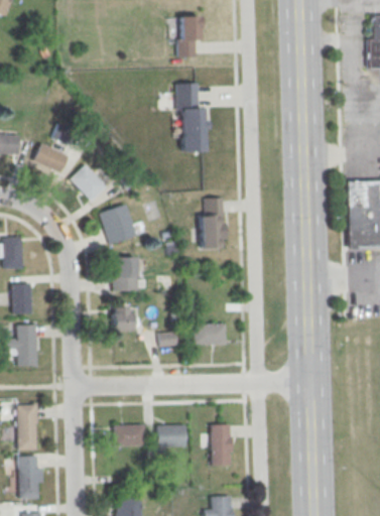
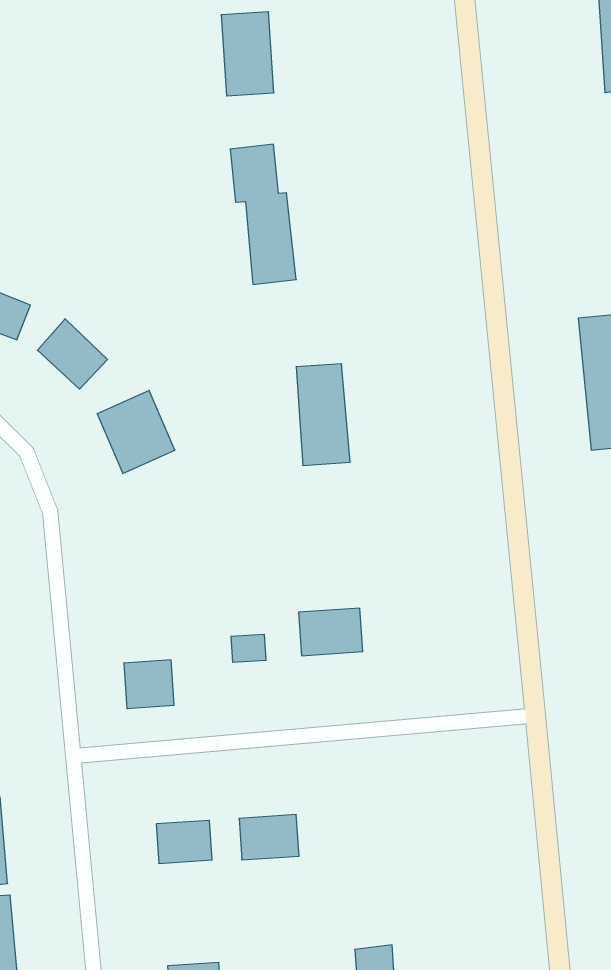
building: [115,257,144,290] -> none
building: [113,307,137,331] -> [124,660,174,708]
building: [212,424,232,466] -> none

